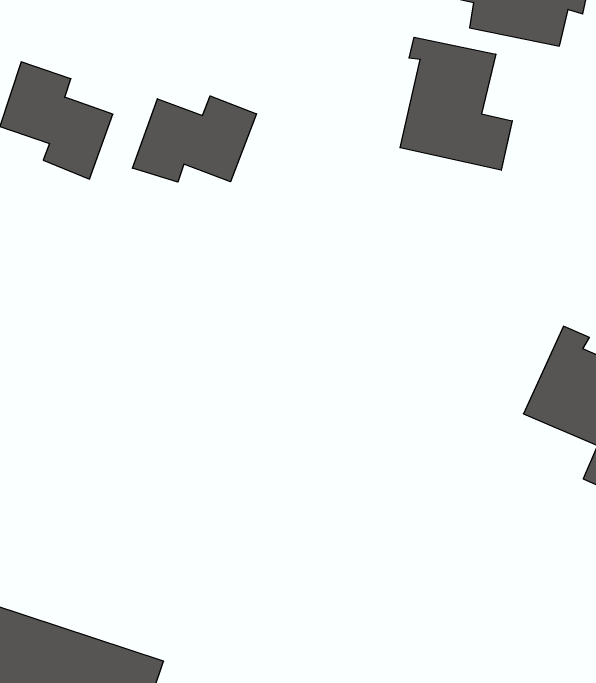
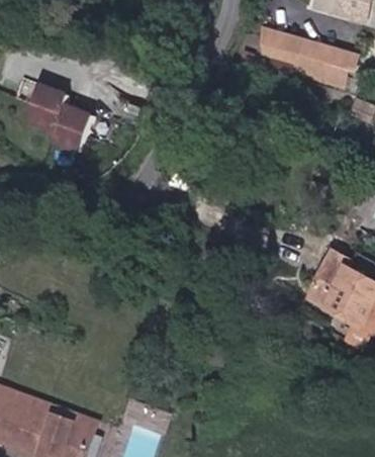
building: [400,37,512,170] -> none
building: [132,96,257,182] -> none

